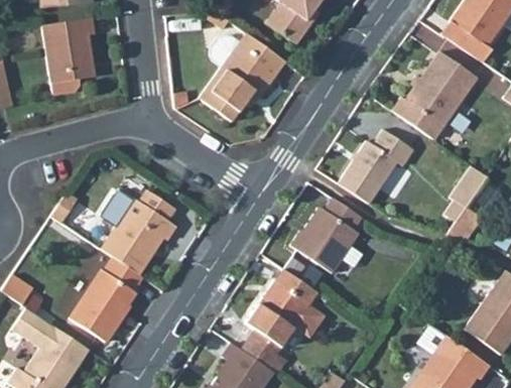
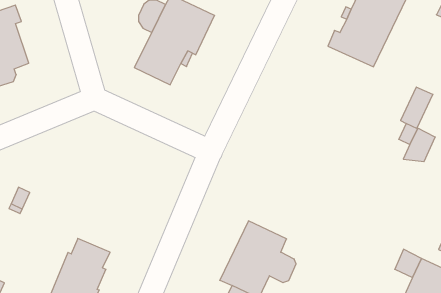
building: [338,129,413,205] -> none
building: [100,189,176,274] -> none
building: [290,199,363,273] -> none

